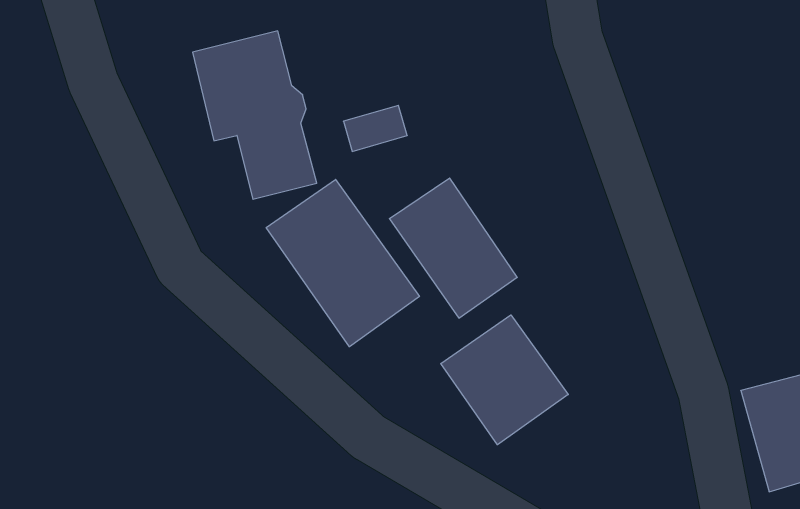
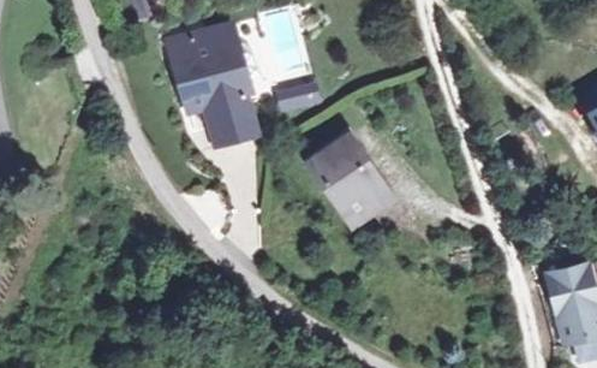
building: [266,179,419,347] -> none
building: [441,315,568,445] -> none

